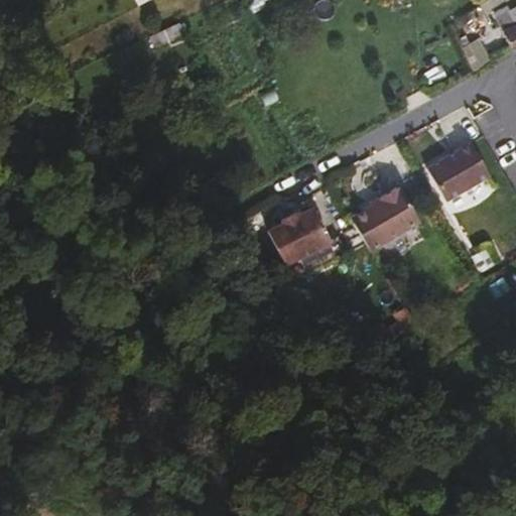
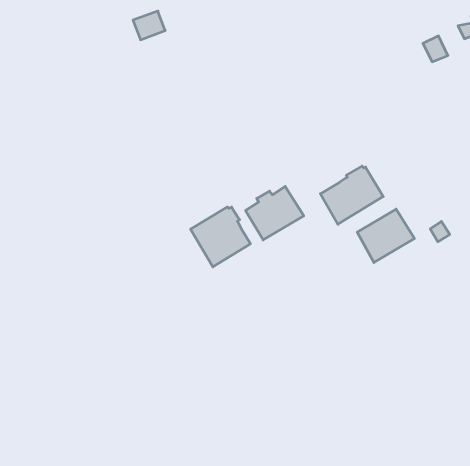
building: [425,141,488,200] -> [357,209,414,263]
building: none -> [191,207,250,267]

